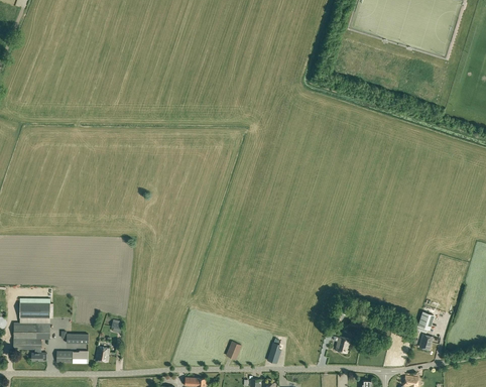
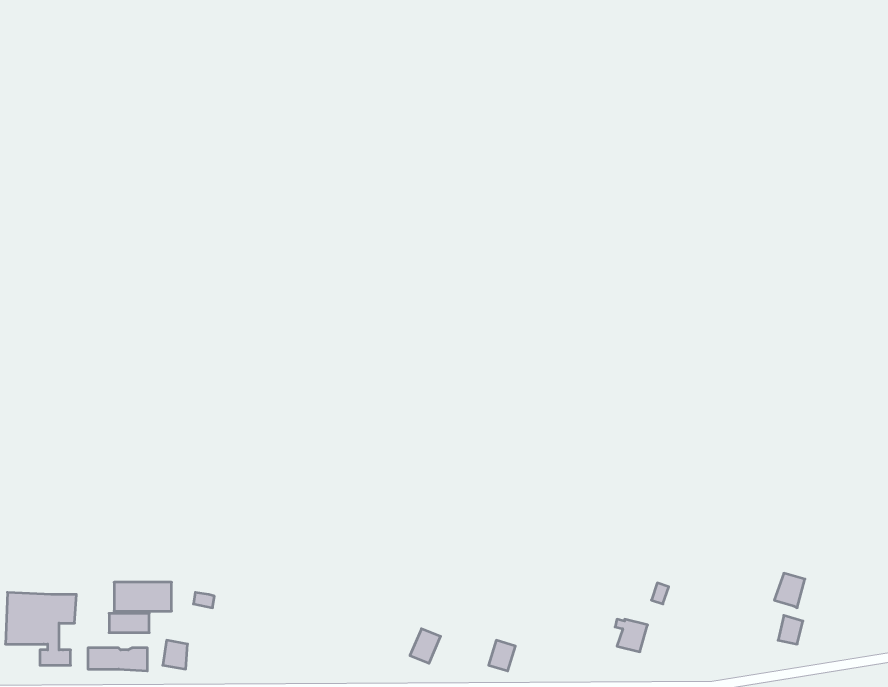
building: [20,302,50,317] -> [114,582,172,611]

